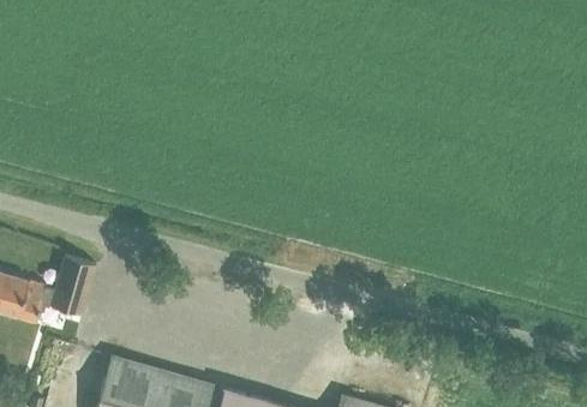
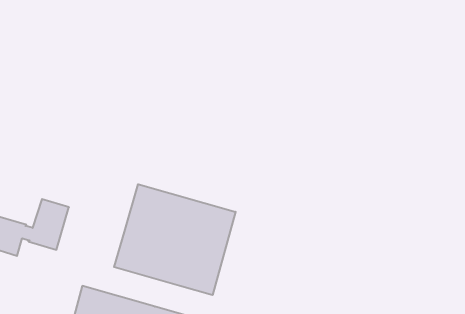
building: none -> [114,184,236,295]

